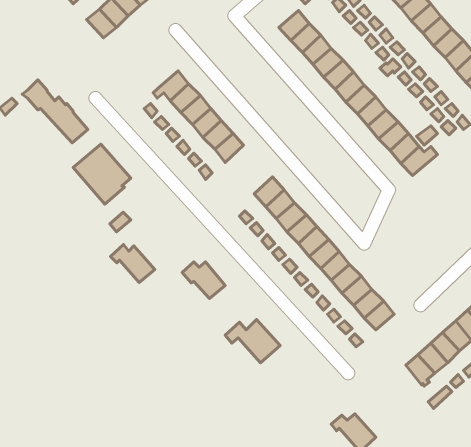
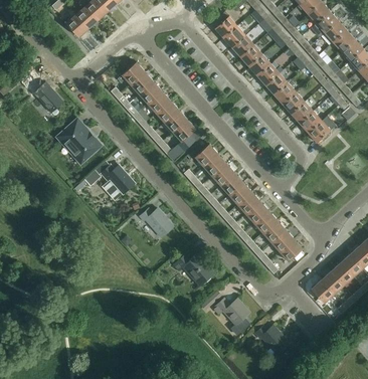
building: none -> [161,120,196,162]
building: [110,245,155,283] -> [101,165,135,194]
building: none -> [213,299,250,336]

